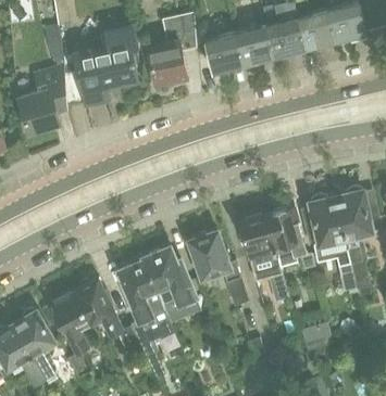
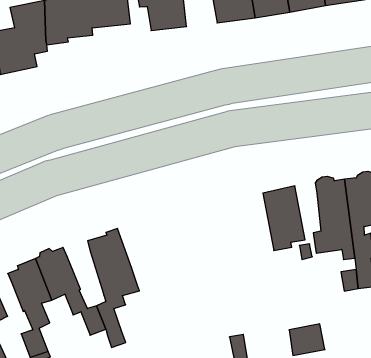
building: [238,216,282,282] -> none
building: [188,230,248,308] -> none
building: [142,247,196,306] -> none

